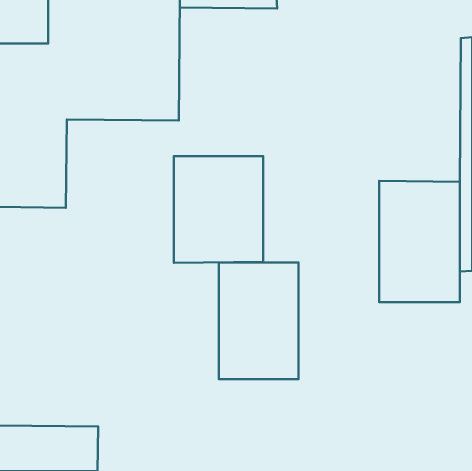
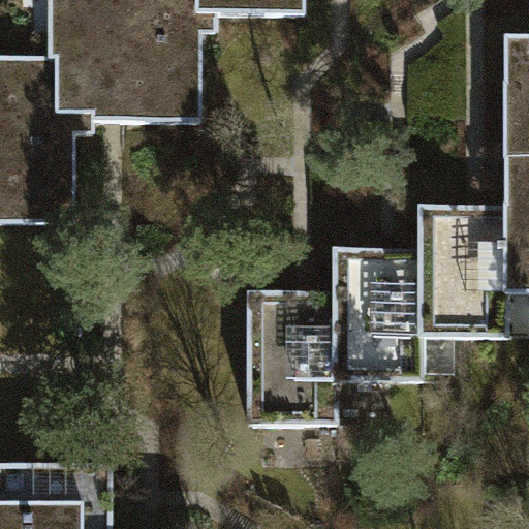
building: [174,156,263,263] -> none
building: none -> [333,244,423,379]

